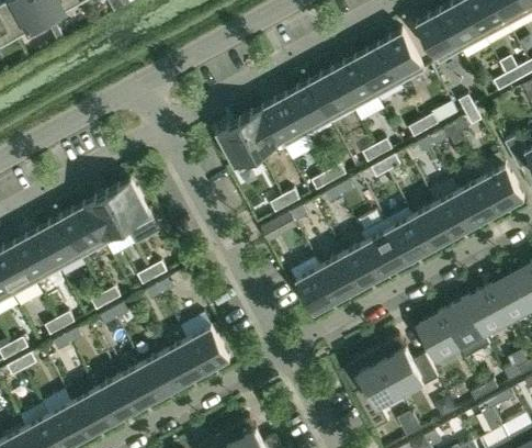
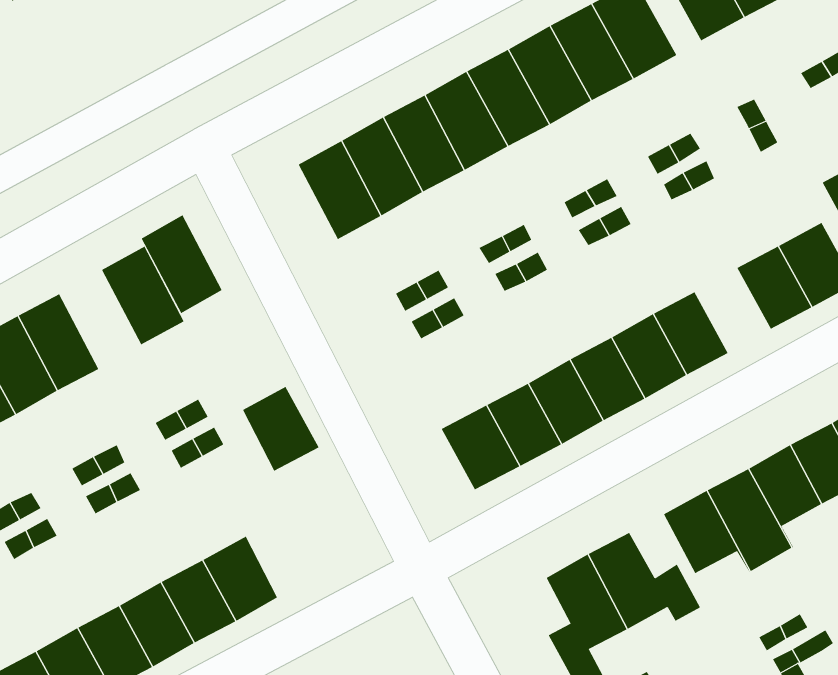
building: [429,180,477,237] -> none
building: [84,191,129,246] -> [141,215,222,314]
building: [188,325,230,372] -> [242,386,320,471]

